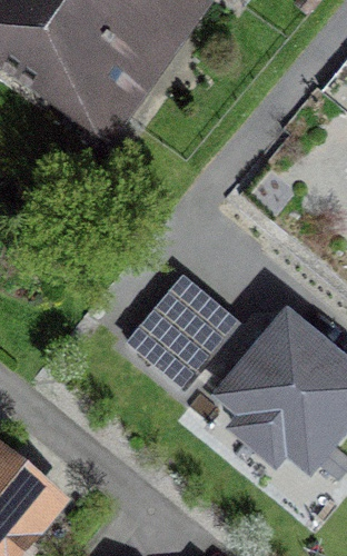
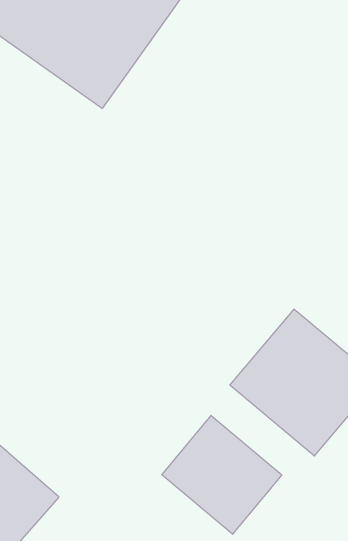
building: [135,277,239,384] -> none
building: none -> [162,415,282,534]

